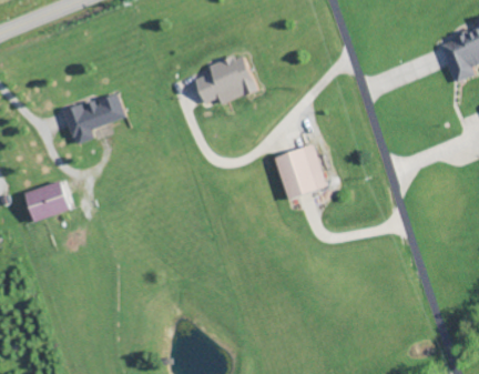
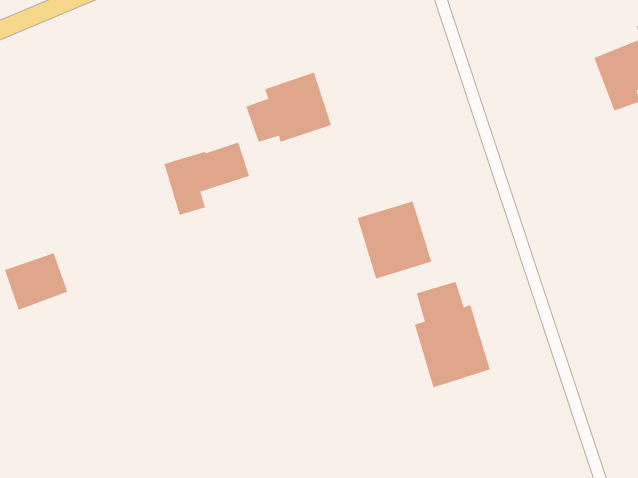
building: [63,93,124,145] -> [164,142,250,215]
building: none -> [414,281,491,388]

